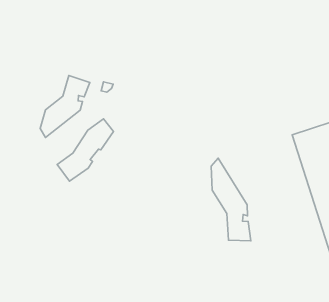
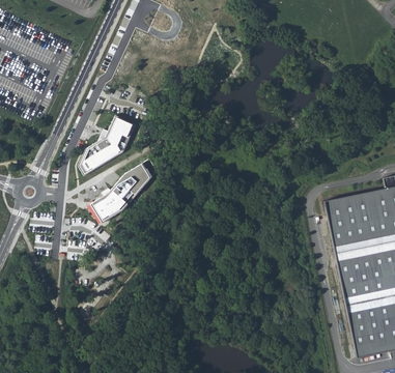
building: [211,158,251,241] -> none

